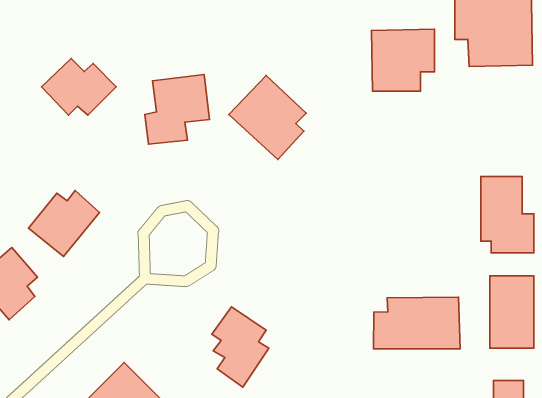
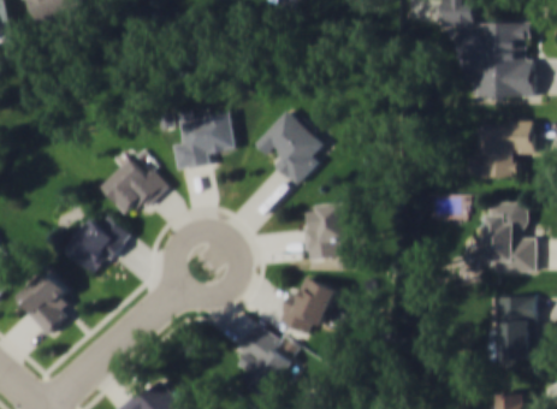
building: [371,29,435,91] -> [475,120,534,178]
building: [41,58,116,115] -> [99,160,168,213]
building: none -> [304,203,350,261]
building: none -> [277,279,334,334]
building: [373,297,460,349] -> none

